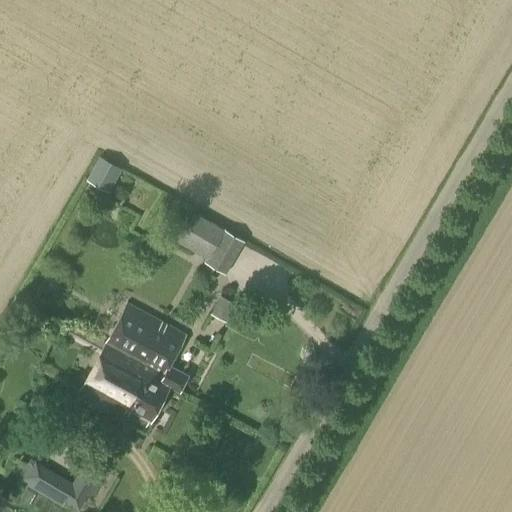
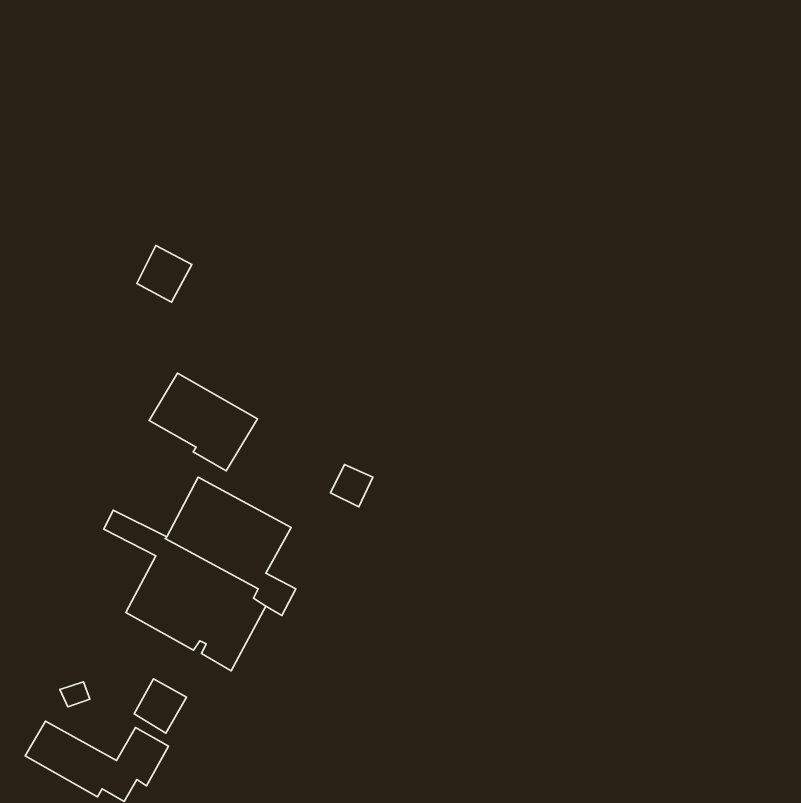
building: [178,213,247,275] -> [149,373,258,471]
building: none -> [134,679,187,733]

